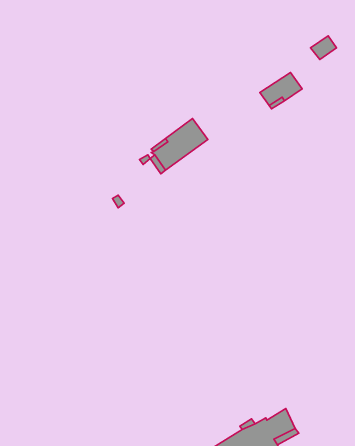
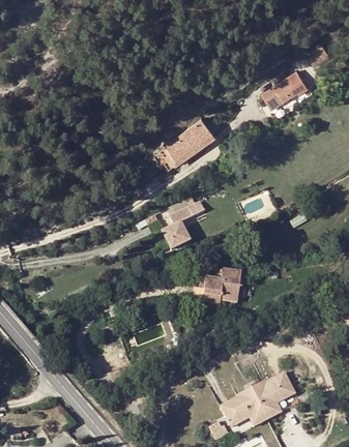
building: none -> [163,202,201,248]
building: none -> [205,275,243,305]

